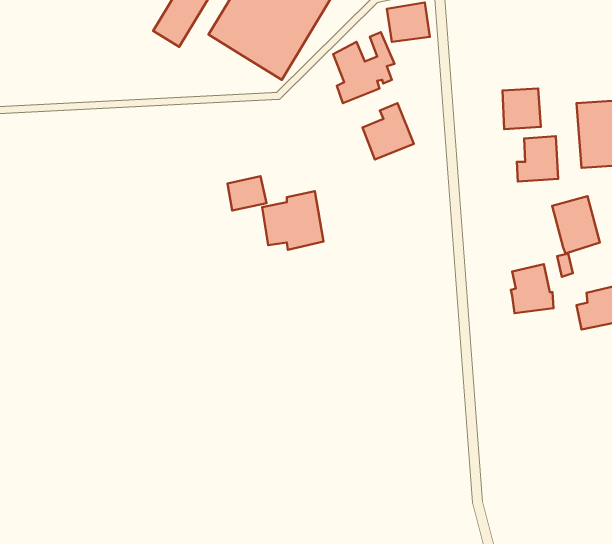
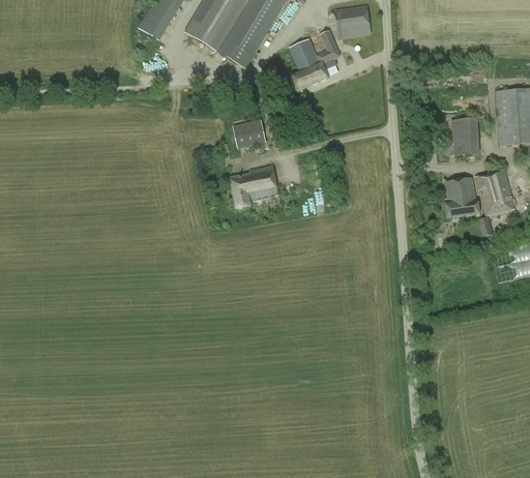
building: [502,88,541,129] -> none
building: [363,103,414,159] -> none
building: [227,176,267,210] -> [233,119,266,148]
building: [511,264,554,313] -> [443,176,479,217]

